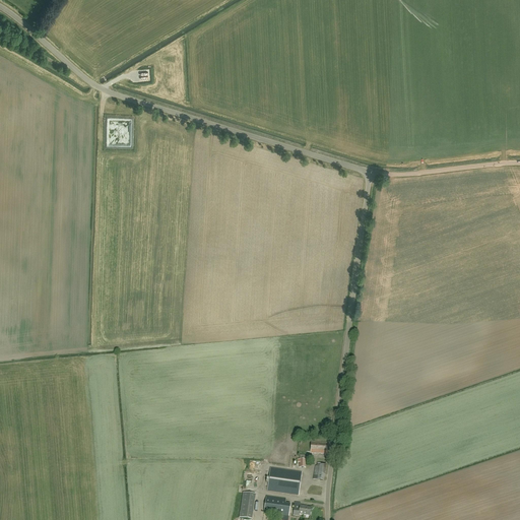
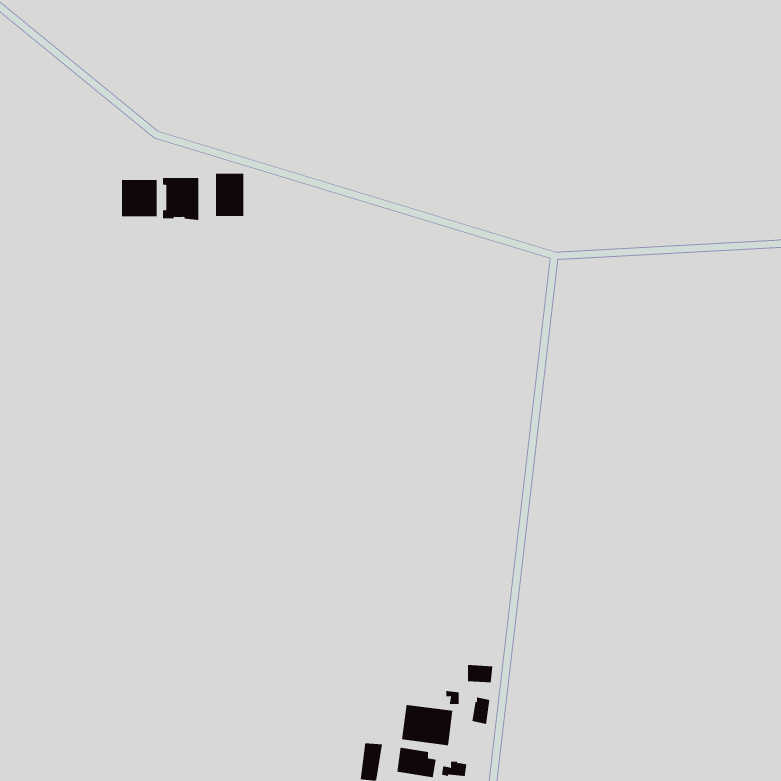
building: none -> [215,173,244,217]
building: none -> [121,179,157,217]

